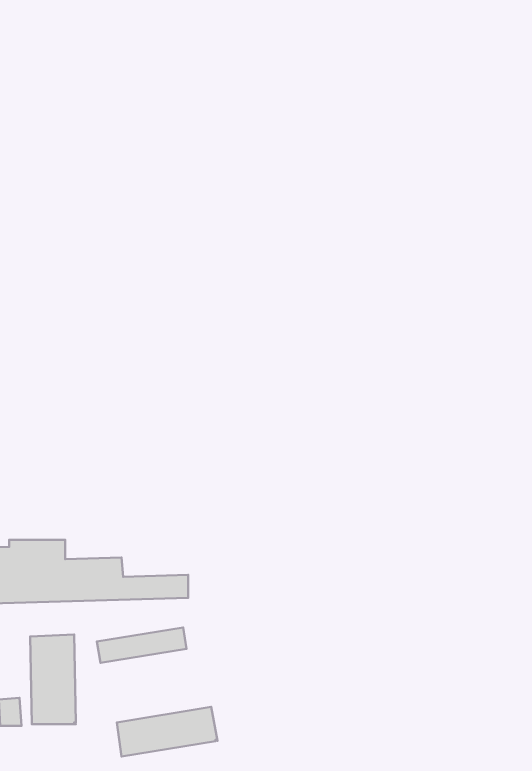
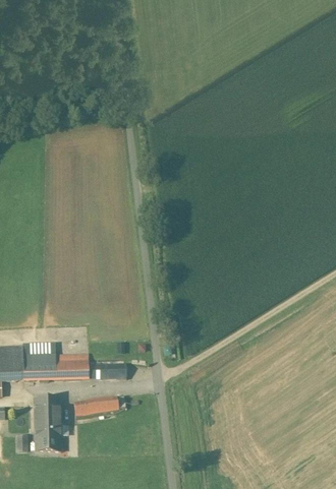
building: [117,707,218,757] -> none

